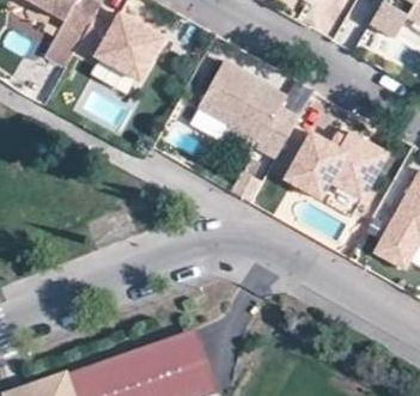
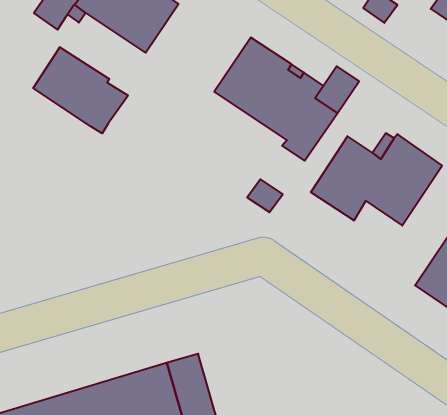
building: none -> [33,47,128,133]

